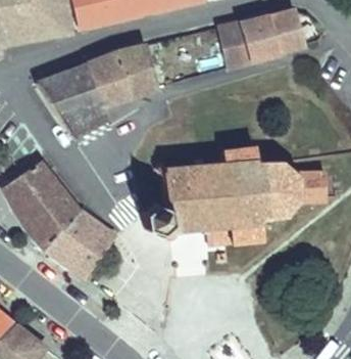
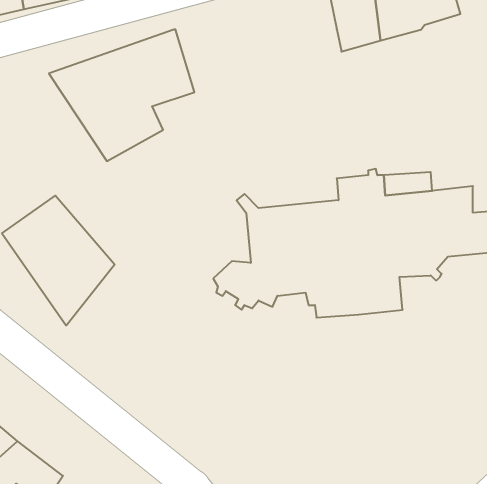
building: [116,46,152,94] -> none
building: [45,207,112,274] -> none

